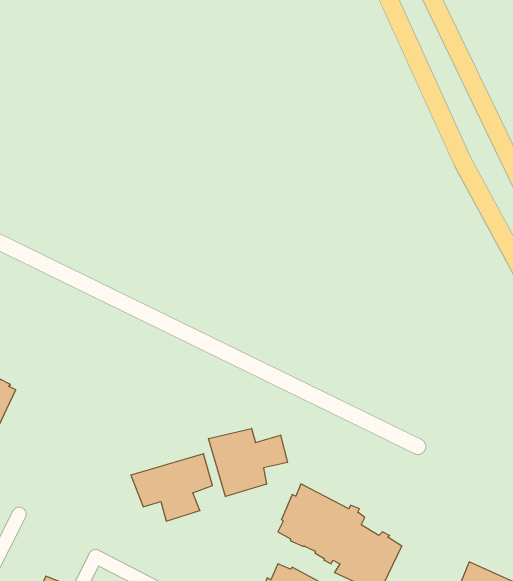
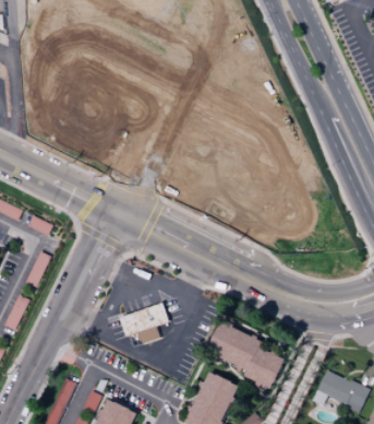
building: [208,428,288,497] -> none

